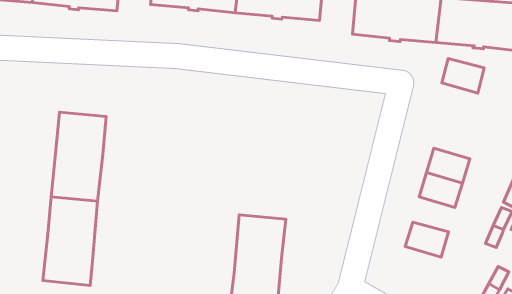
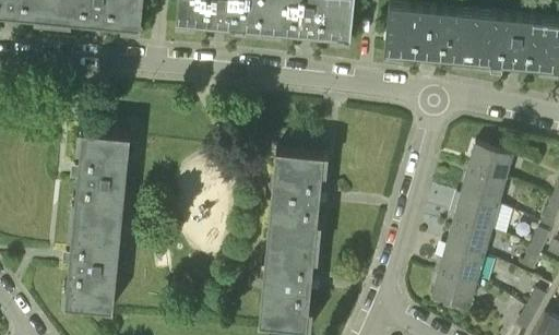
building: [442,58,484,93] -> [468,146,512,182]
building: none -> [267,153,324,244]
building: none -> [447,222,490,258]
building: none -> [432,273,476,309]

